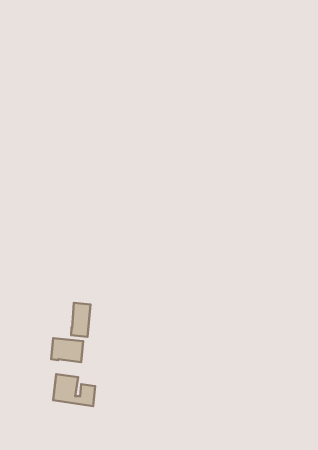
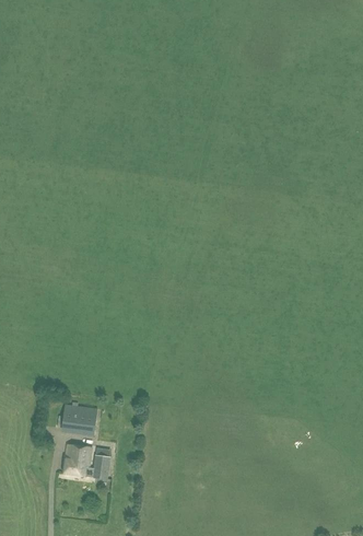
building: [71,303,90,337] -> none

